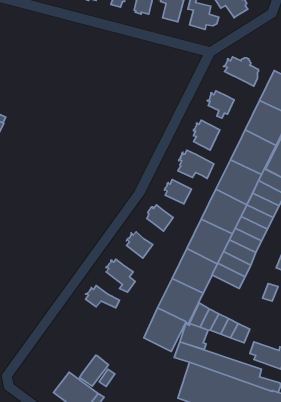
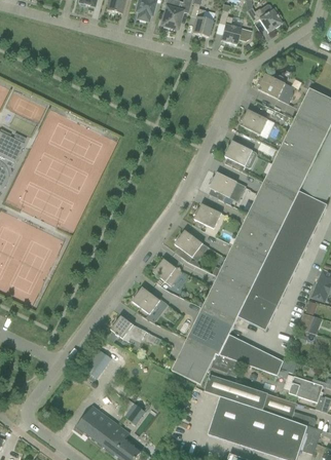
building: none -> [237,303,272,330]
building: [79,355,109,386] -> [80,348,111,381]

